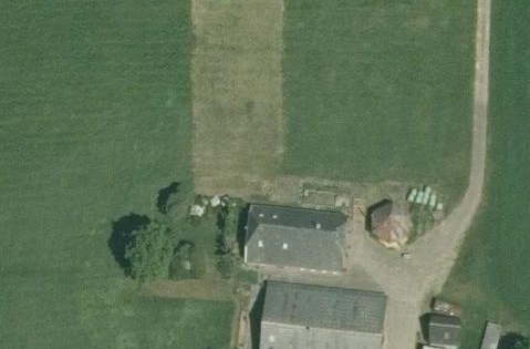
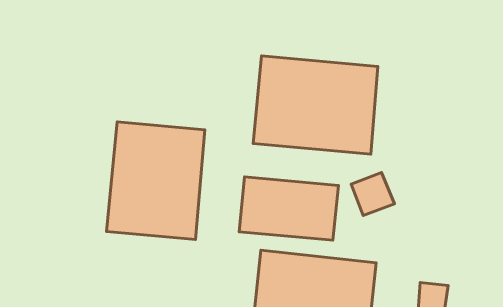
building: none -> [253,56,378,154]
building: none -> [107,122,205,240]

